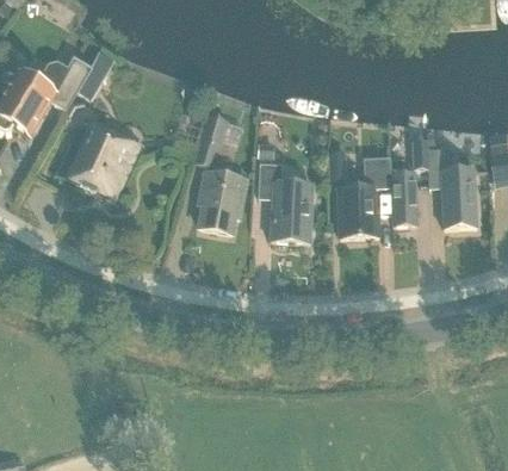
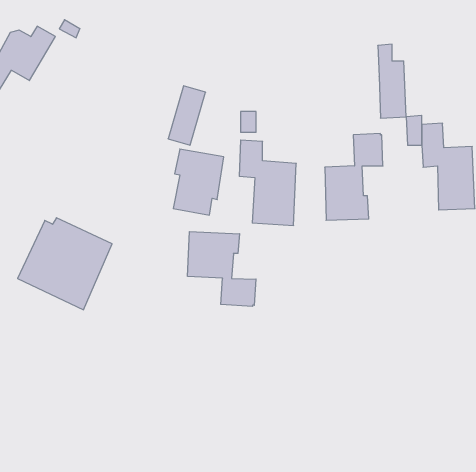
building: [56,117,143,202] -> [18,218,112,310]
building: [391,156,417,224] -> [378,44,406,118]
building: none -> [188,232,256,306]

